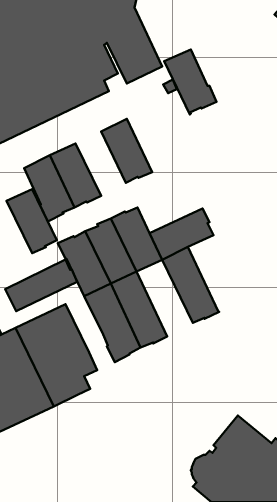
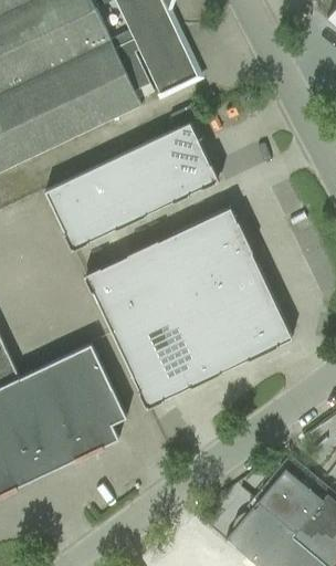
building: [164,49,216,114] -> [160,122,219,195]
building: none -> [172,207,245,263]
building: [6,189,57,253] -> [103,149,159,221]
building: none -> [229,265,292,350]
building: [5,259,77,311] -> none
building: none -> [171,293,234,379]

